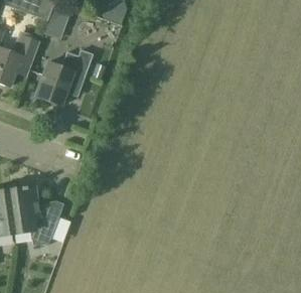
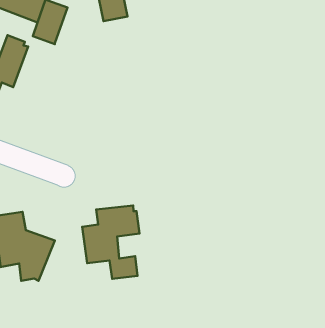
building: [36,49,94,106] -> none
building: none -> [82,205,140,279]

